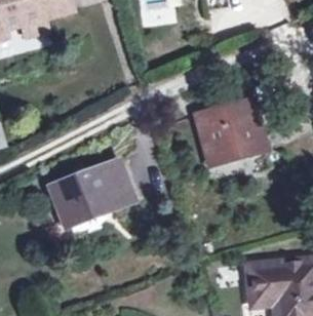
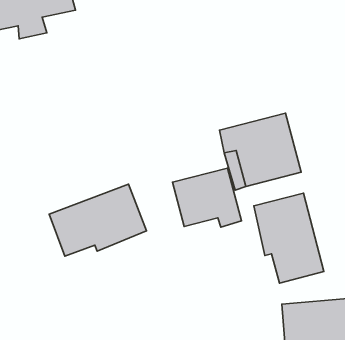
building: none -> [173,168,242,227]
building: none -> [254,193,324,283]

